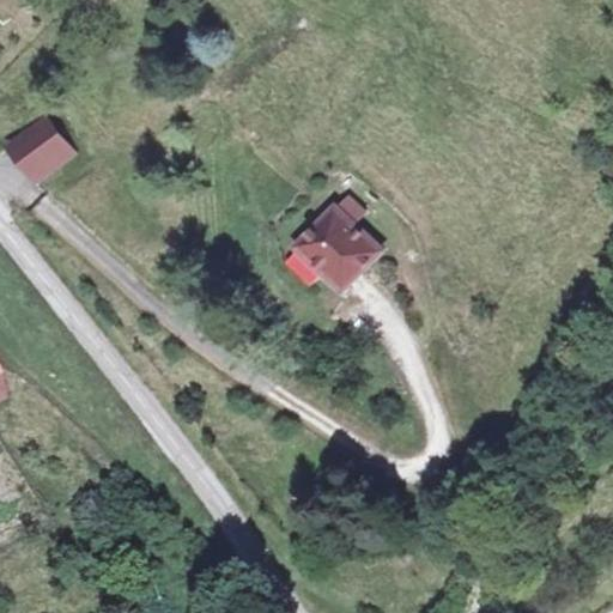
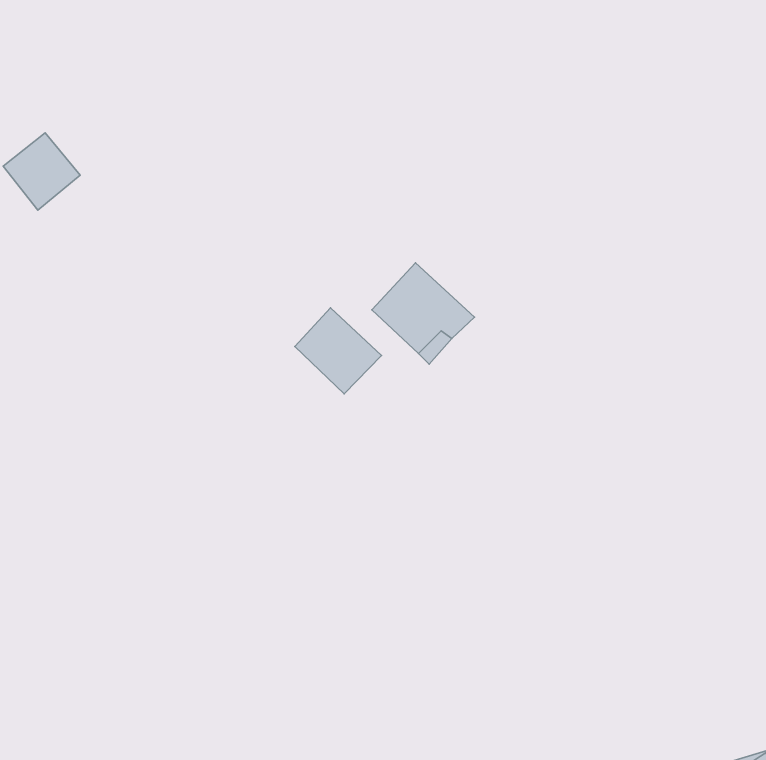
building: none -> [295,308,382,394]

